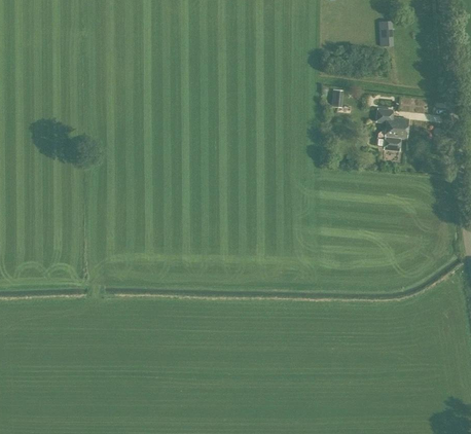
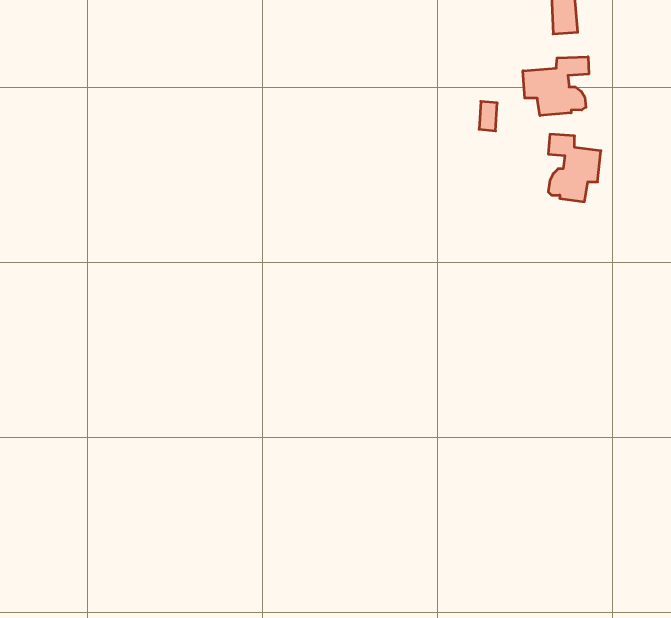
building: none -> [523,57,589,116]

